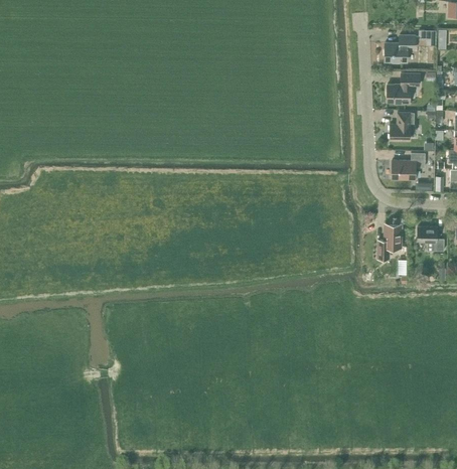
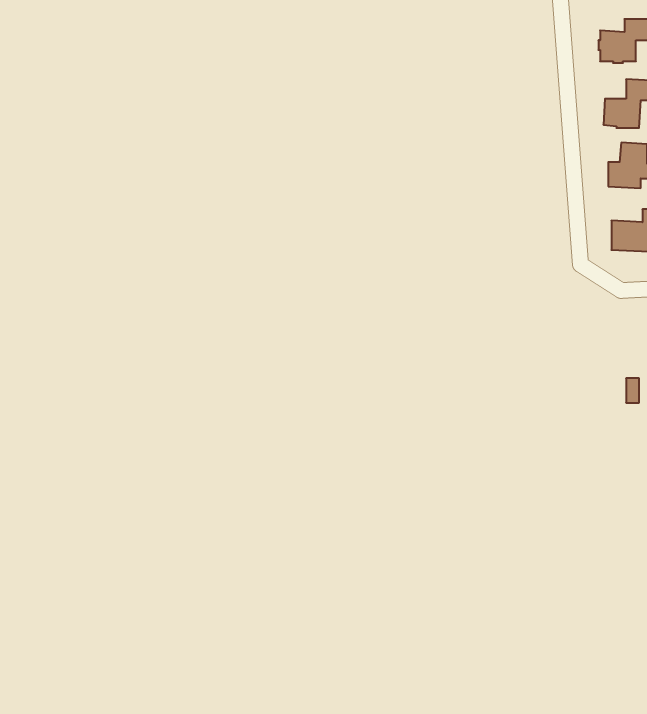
building: [377,225,401,259] -> none

